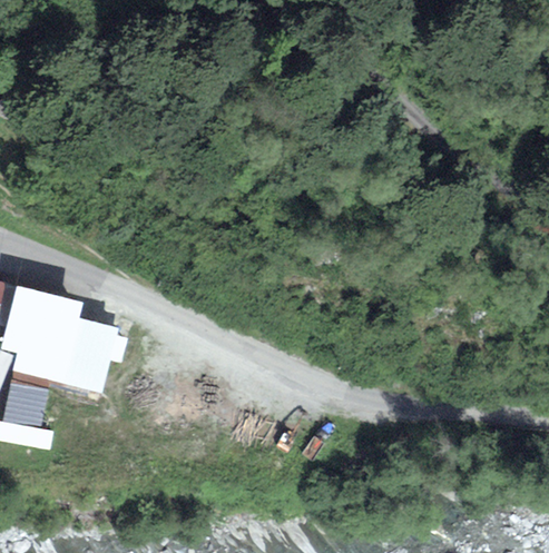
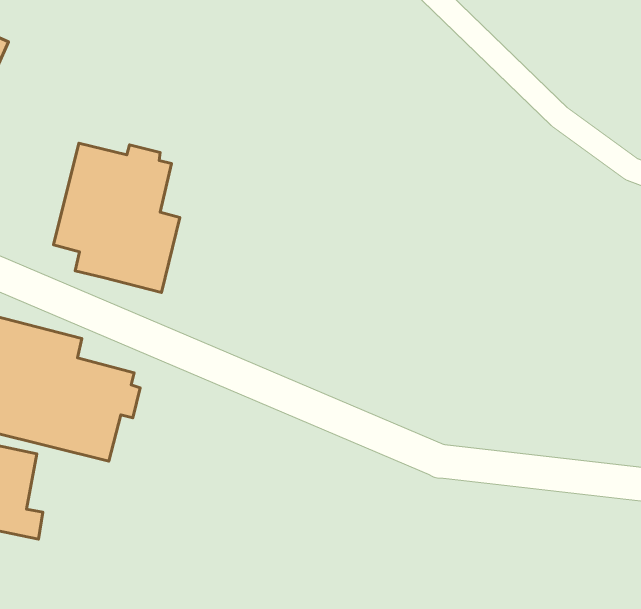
building: none -> [53,143,180,293]

